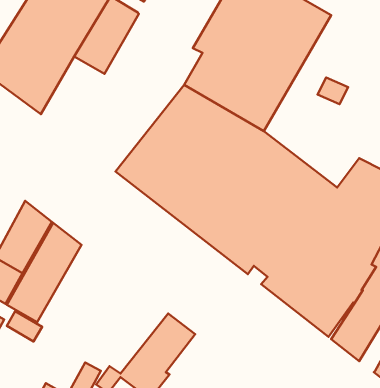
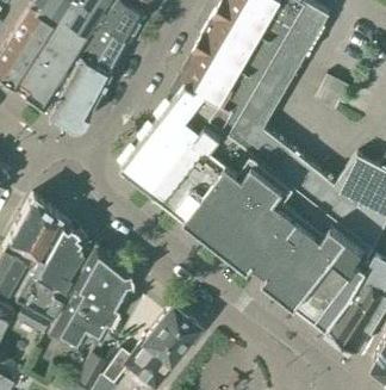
building: none -> [46,56,108,129]
building: none -> [45,246,131,353]

